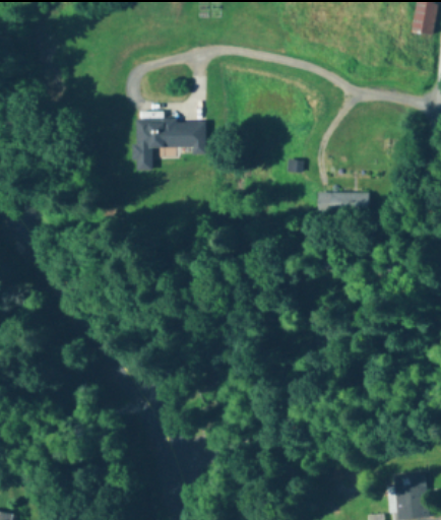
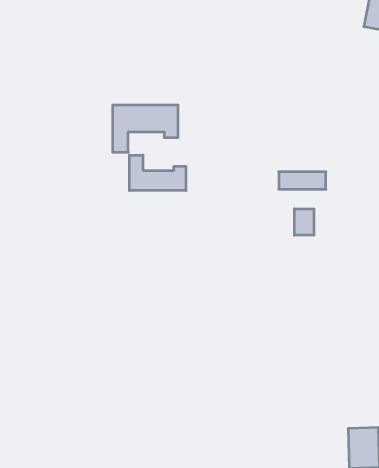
building: none -> [129,155,186,191]
building: none -> [294,209,314,235]

